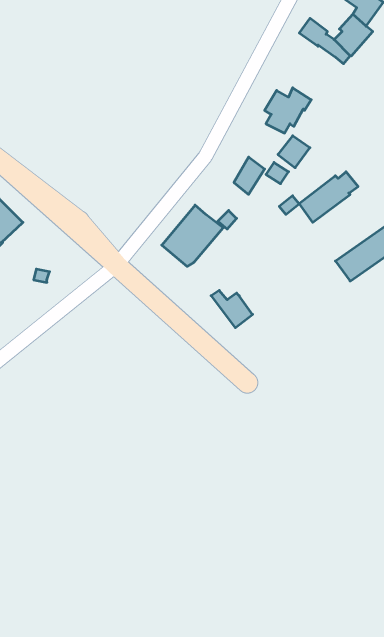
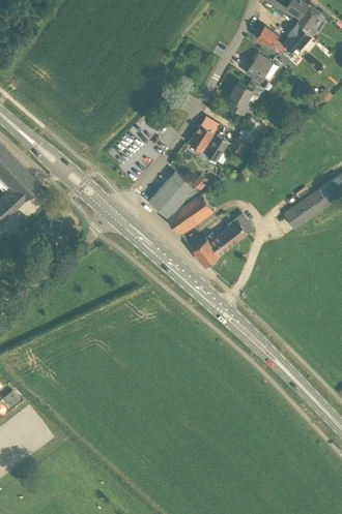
building: none -> [245,53,277,83]
building: none -> [188,123,213,151]
building: [299,172,358,222] -> [208,216,254,255]
building: none -> [167,193,213,235]

